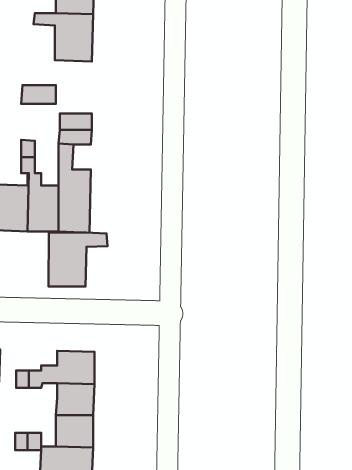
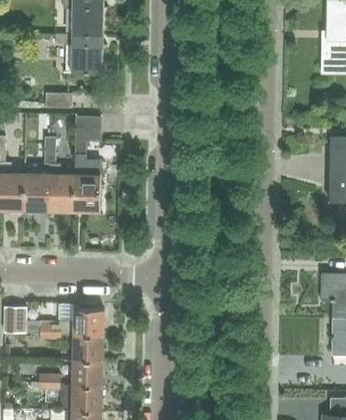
building: [48,233,107,286] -> none

